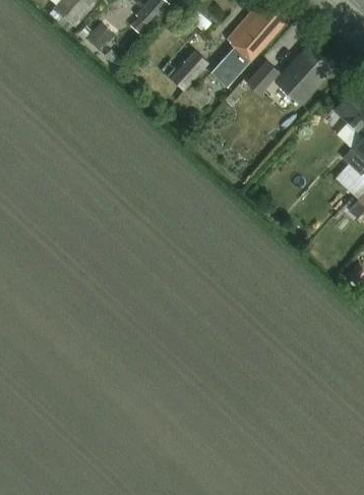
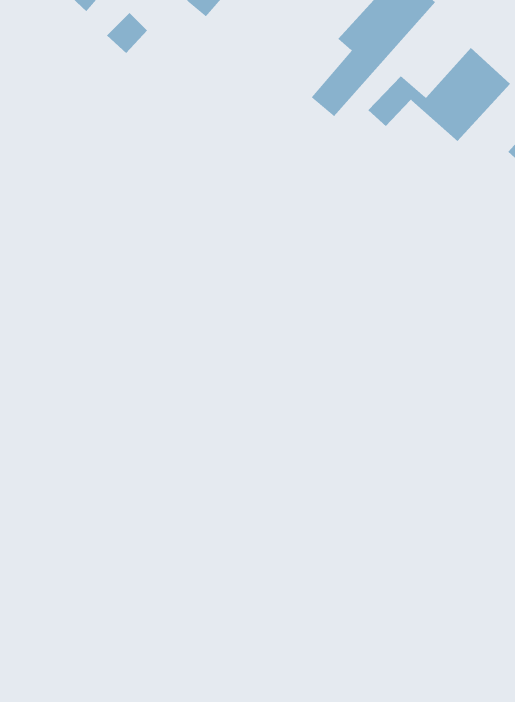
building: [172,55,208,94] -> none

